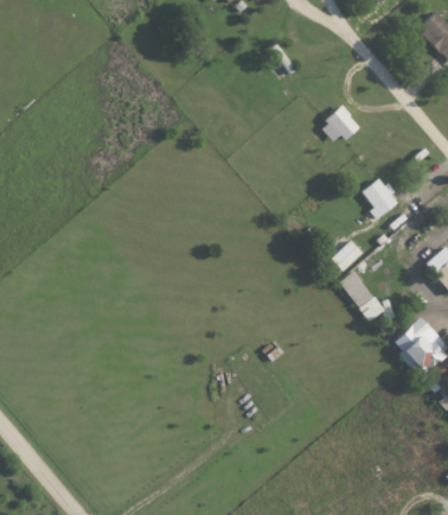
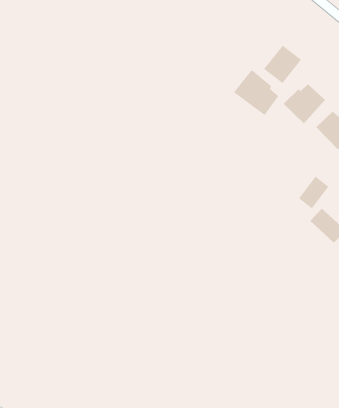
building: none -> [233,69,279,116]
building: none -> [283,84,326,124]

